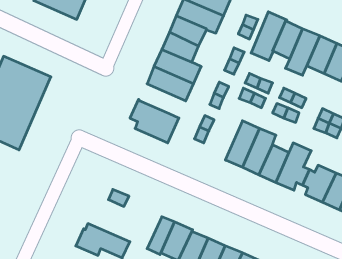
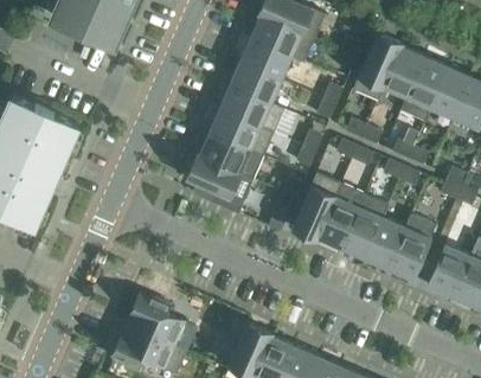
building: none -> [199,133,263,180]
building: none -> [291,173,341,241]
building: none -> [128,293,195,351]

